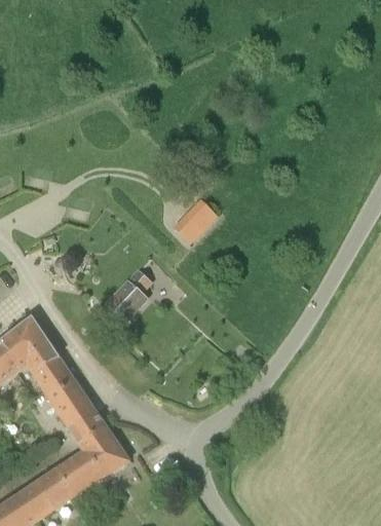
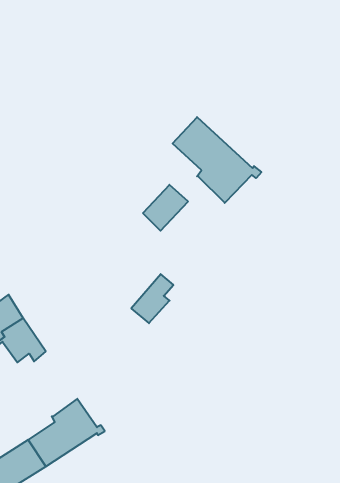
building: none -> [173,117,261,203]
building: [106,269,150,321] -> [131,274,173,323]
building: [40,377,104,445] -> none

